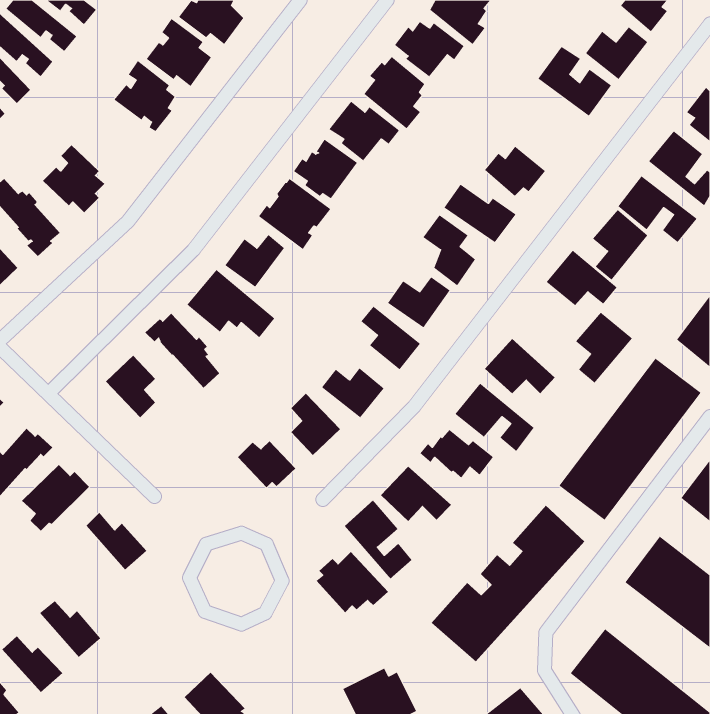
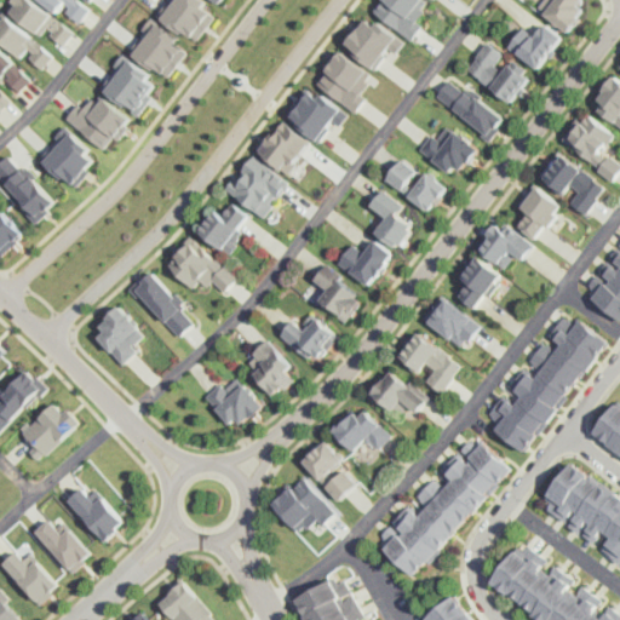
building: none -> [432,80,498,136]
building: none -> [63,96,127,149]
building: [575,312,633,383] -> [452,252,501,314]
building: [85,512,147,571] -> [69,489,122,540]

